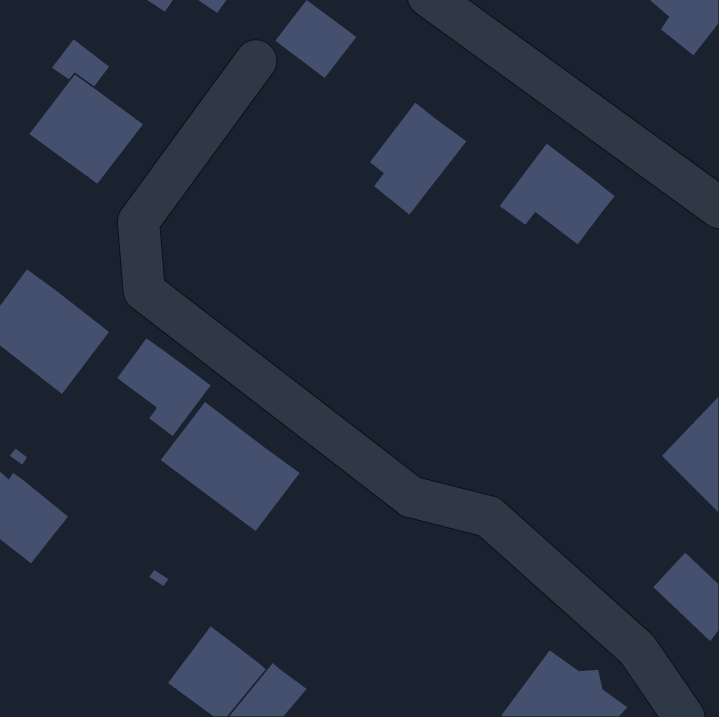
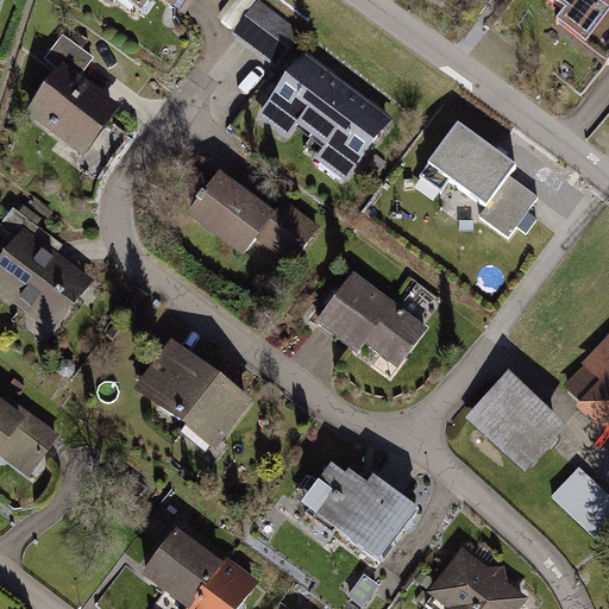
building: none -> [257,51,350,137]
building: none -> [188,170,320,264]
building: none -> [478,177,536,238]
building: none -> [315,271,428,366]
building: [116,337,212,437] -> none
building: none -> [463,371,565,471]
building: none -> [302,463,421,563]

